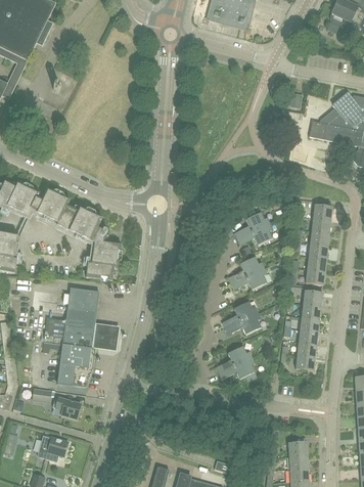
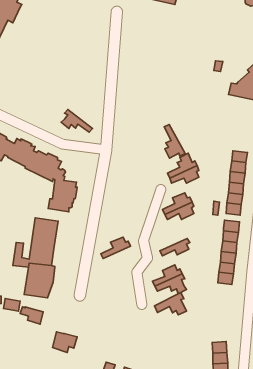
building: none -> [61,109,92,132]
building: none -> [164,124,185,158]
building: [221,302,258,328] -> [101,237,130,259]
building: [90,323,118,350] -> none
building: none -> [154,292,187,315]
building: [37,436,67,461] -> [52,332,77,352]

